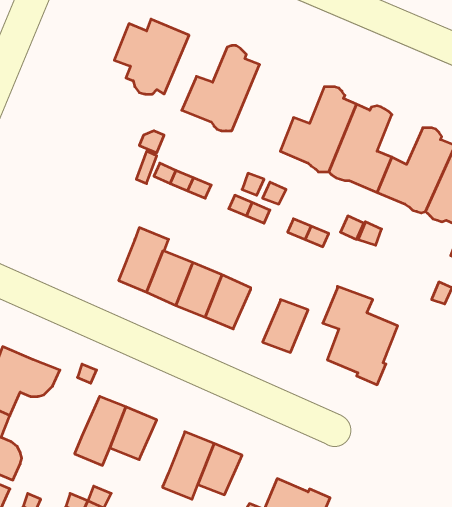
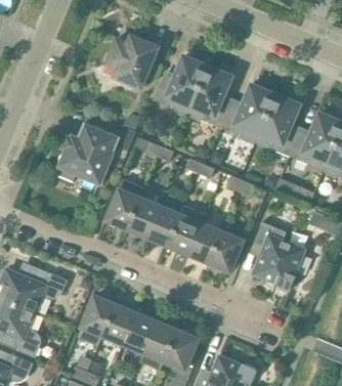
building: none -> [187,68,230,128]
building: none -> [57,123,118,184]
building: none -> [188,223,221,261]
building: none -> [123,315,155,352]

